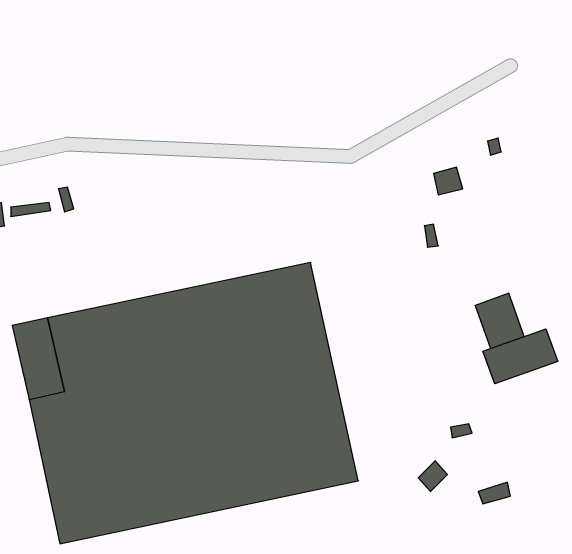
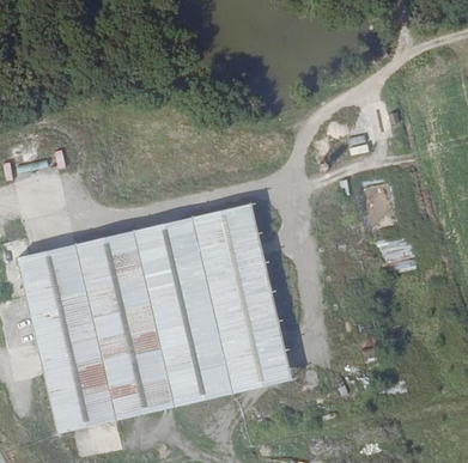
building: [483,329,558,384] -> none

